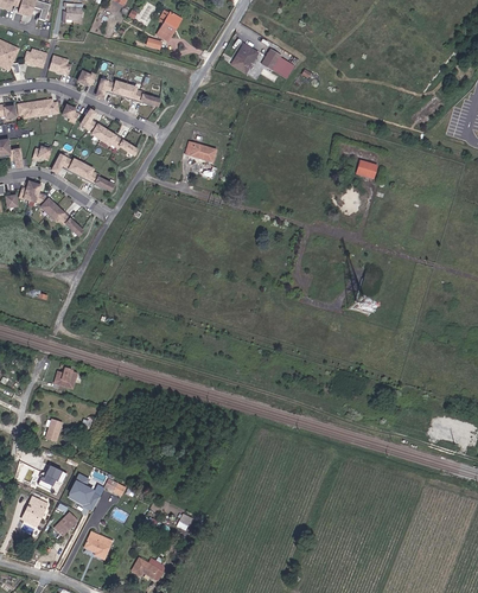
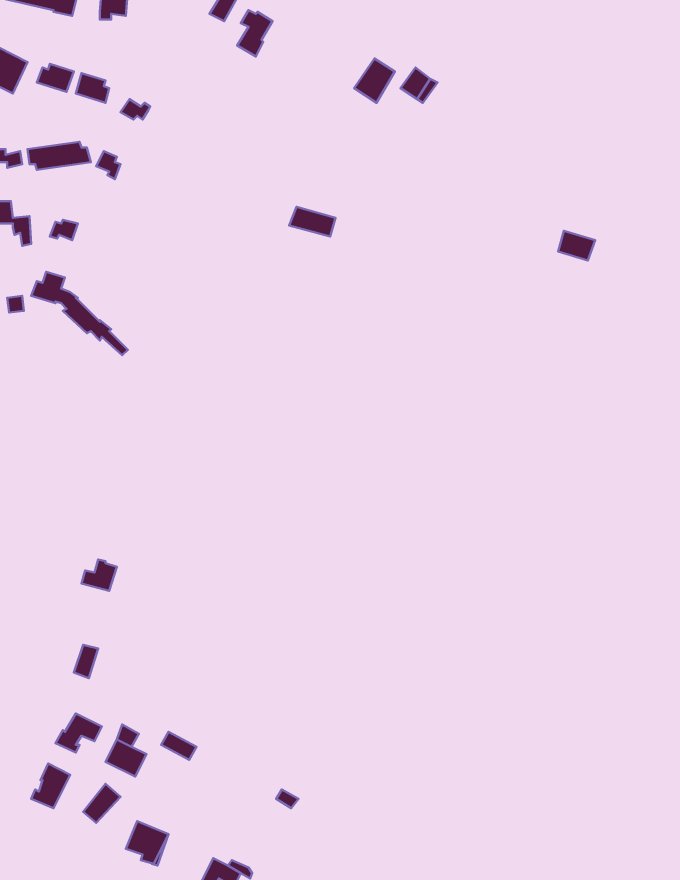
building: [97,79,158,107] -> none
building: [81,110,135,154] -> none
building: [53,155,111,191] -> none

